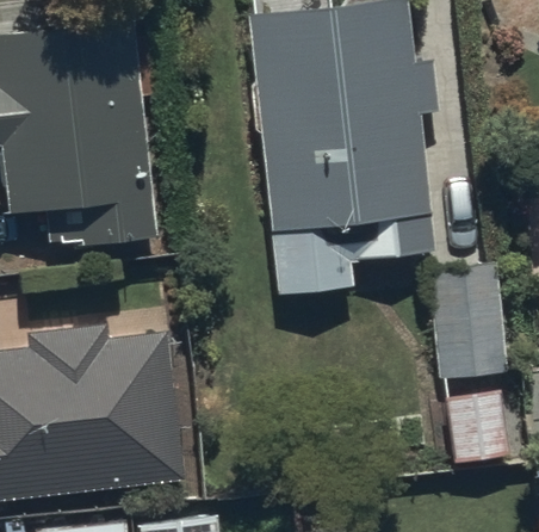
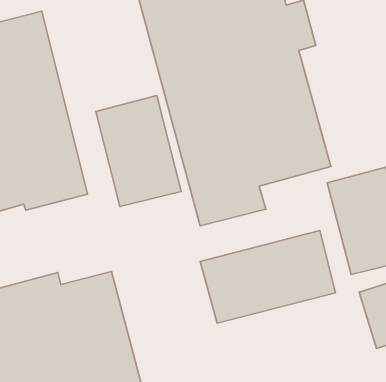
building: none -> [96,95,181,207]
building: none -> [200,231,336,323]

